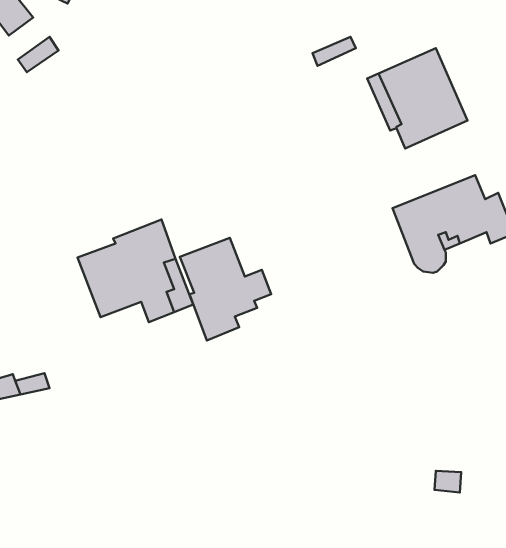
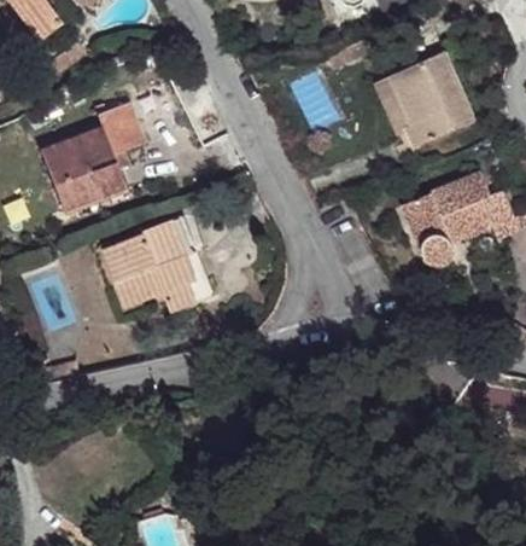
building: none -> [40,101,144,210]
building: [180,238,271,341] -> none

